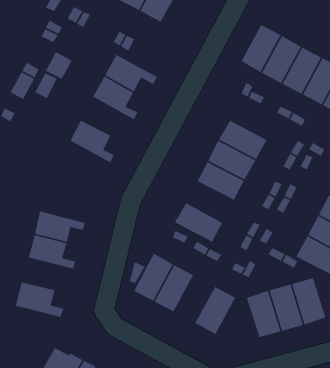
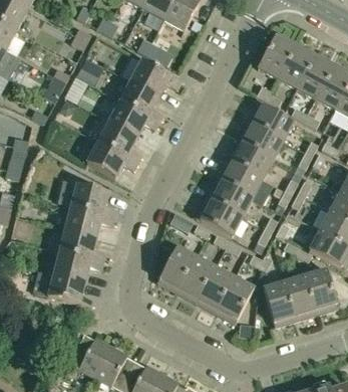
building: none -> [108,101,158,137]
building: none -> [248,103,293,141]
building: none -> [86,142,136,178]
building: none -> [207,180,252,218]
building: none -> [70,184,115,218]
building: none -> [53,251,102,281]
building: none -> [196,267,234,313]

